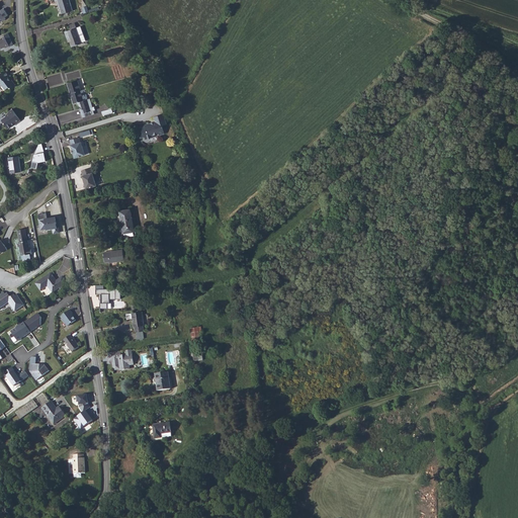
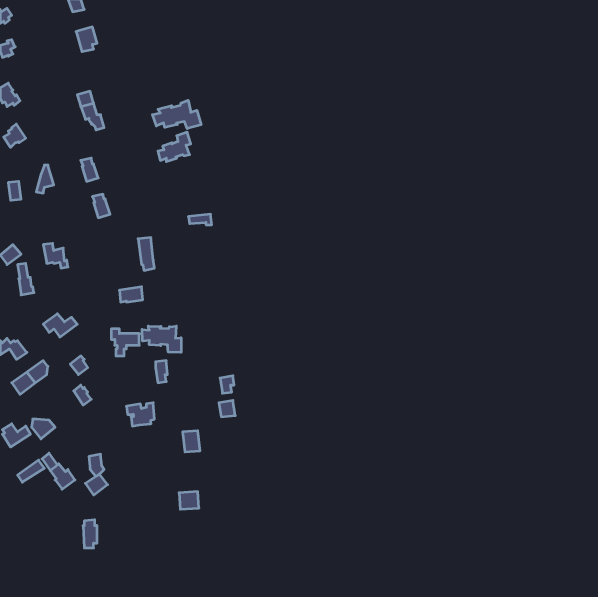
building: none -> [152,100,201,129]
building: none -> [142,326,181,352]

